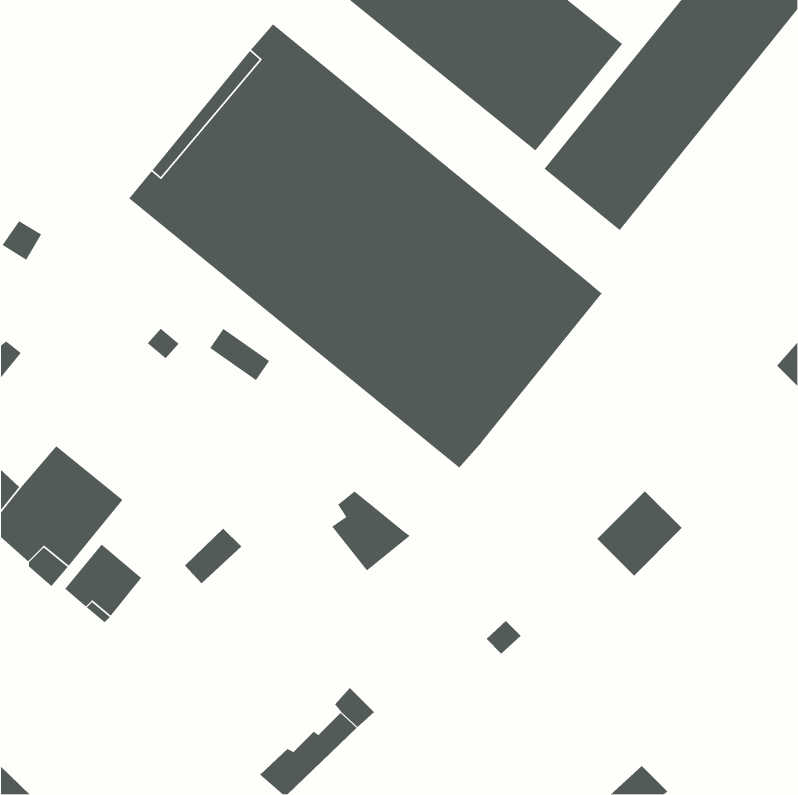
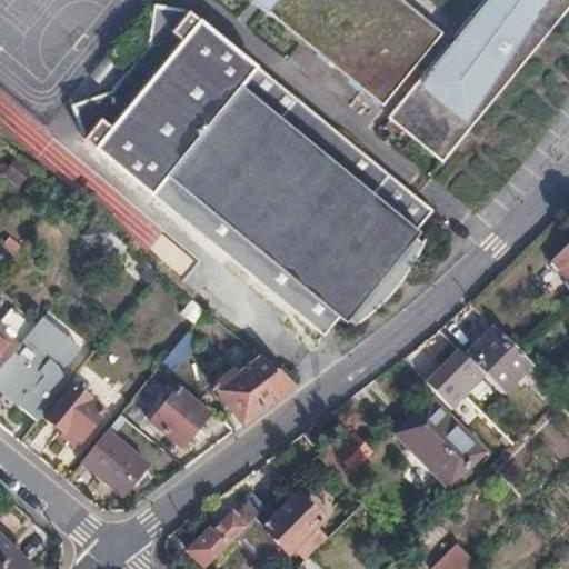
building: none -> [465,326,532,392]
building: none -> [211,367,261,429]
building: none -> [150,388,207,443]
building: none -> [396,398,482,485]
building: none -> [81,430,146,489]
building: none -> [263,496,327,560]

